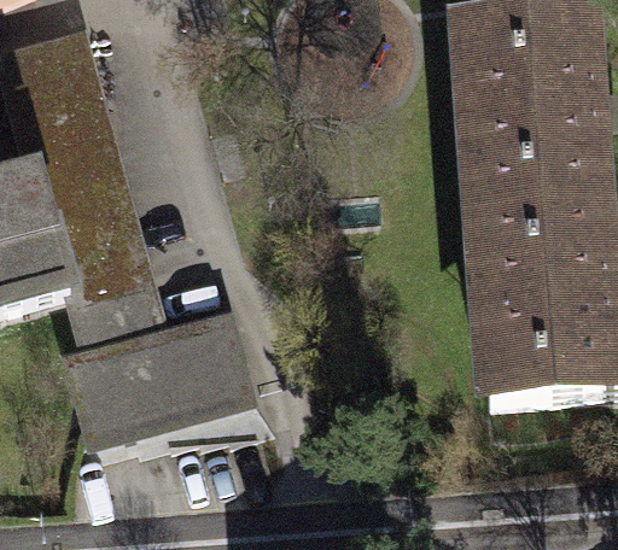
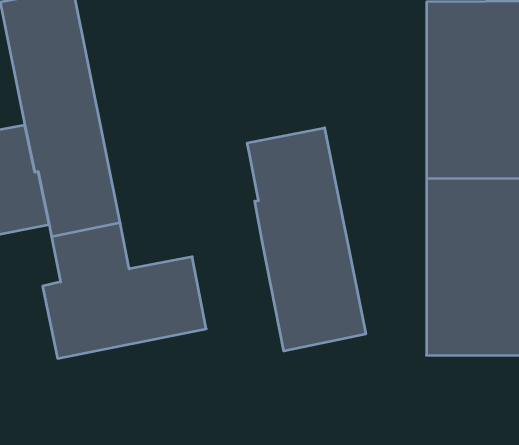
building: none -> [247,128,366,351]

